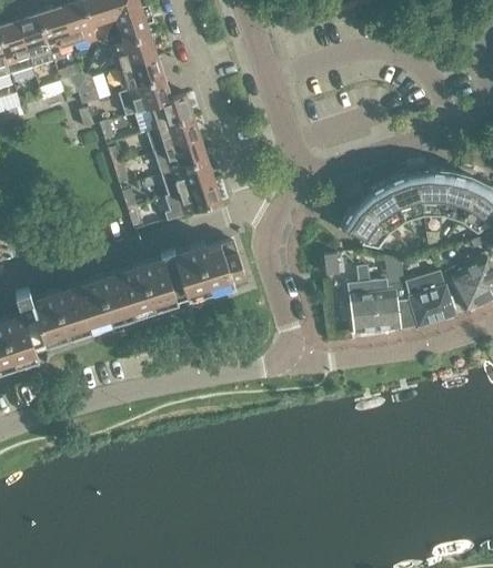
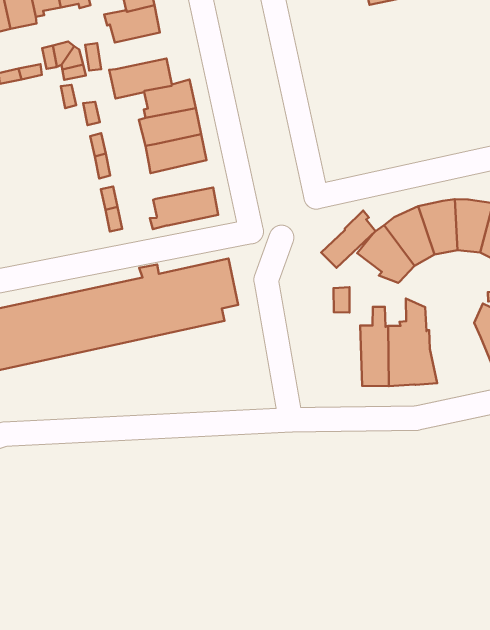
building: [120,57,164,91] -> none
building: [161,159,214,195] -> none
building: none -> [321,211,375,268]
building: [406,270,454,324] -> none

